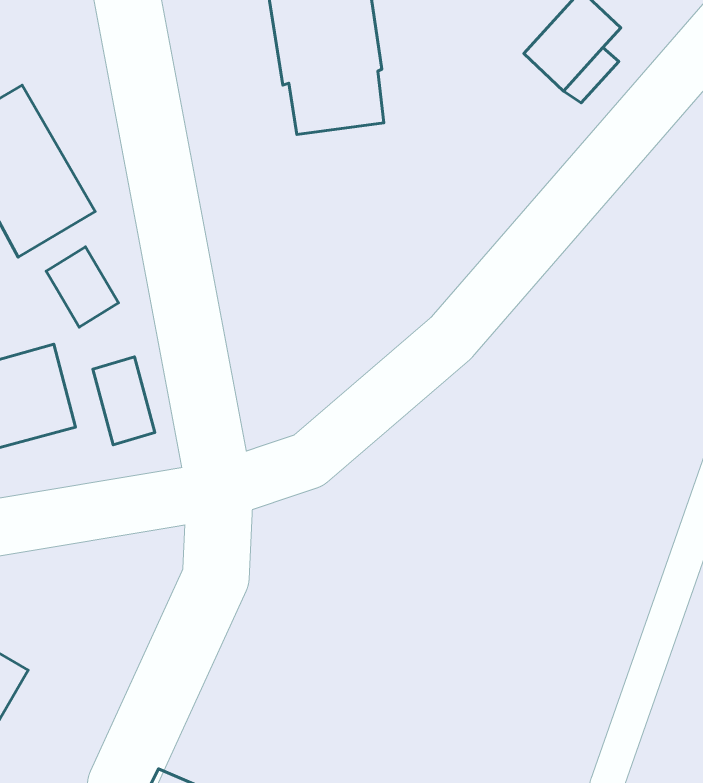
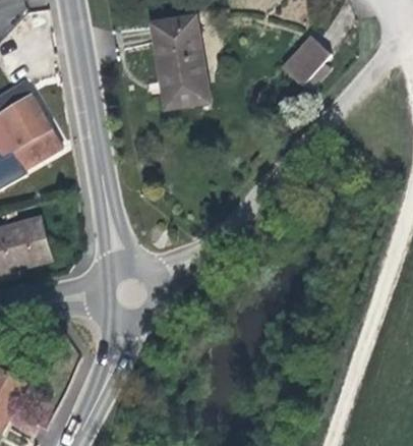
building: [46,247,118,327] -> none
building: [93,357,155,445] -> none

